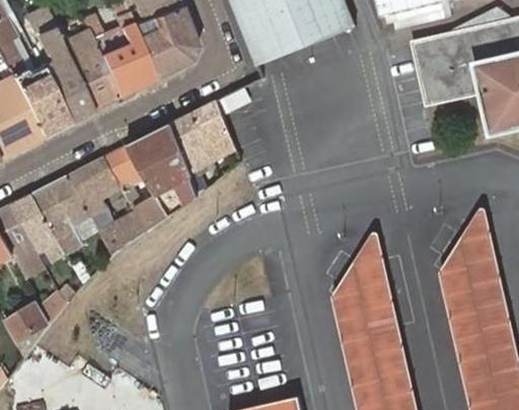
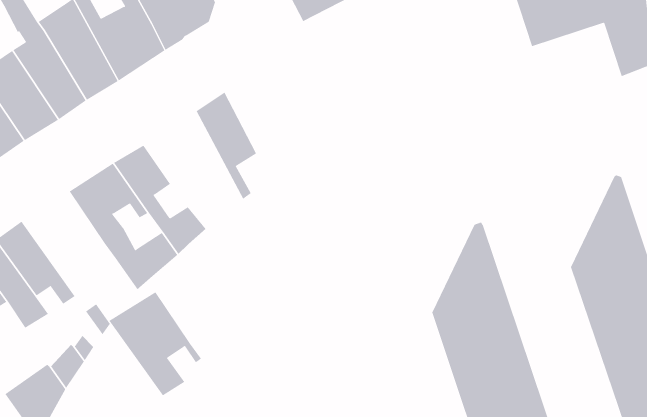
building: [194,100,236,161] -> none
building: [129,125,199,204] -> none
building: [31,176,98,255] -> [109,292,202,396]

